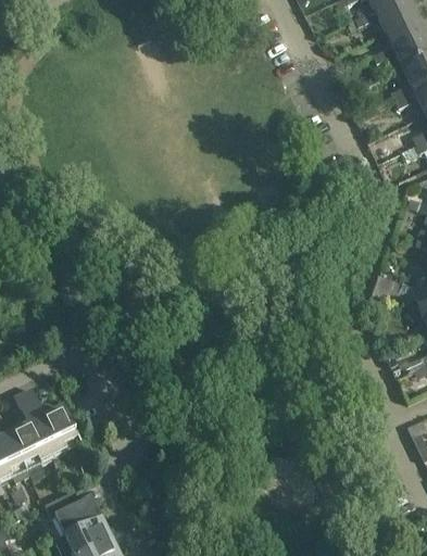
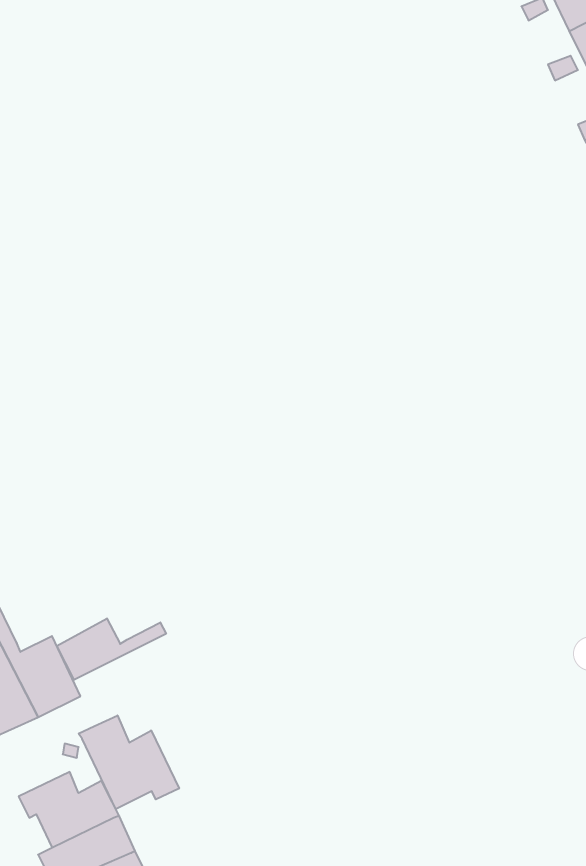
building: none -> [57,618,166,680]
building: none -> [79,715,179,809]

